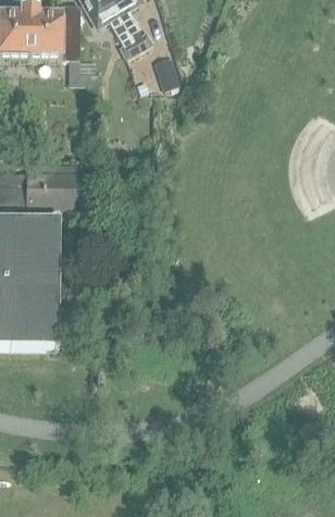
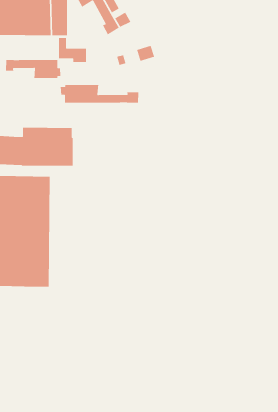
building: none -> [5,59,61,79]
building: none -> [60,84,139,103]

